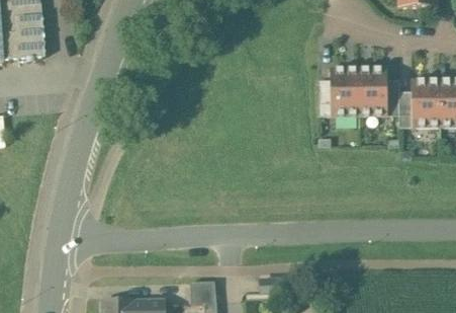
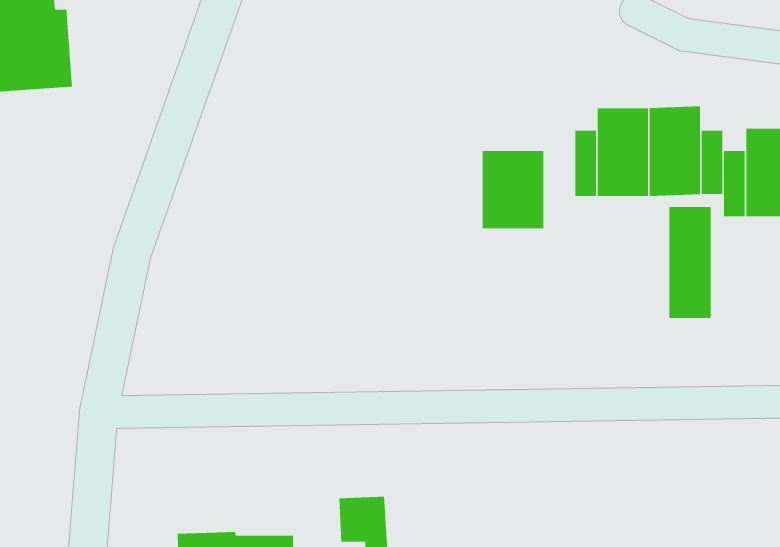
building: none -> [482,150,544,229]
building: none -> [668,206,712,319]

